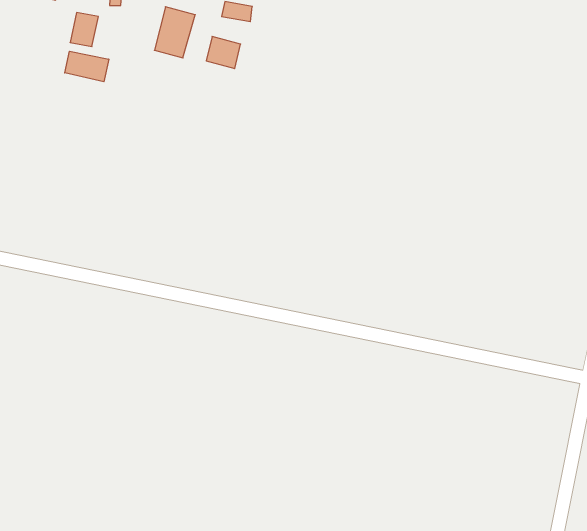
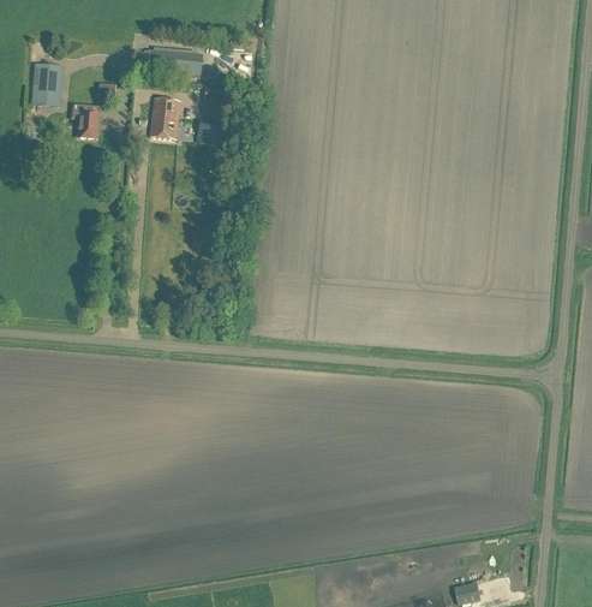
building: [65,51,109,82] -> none

